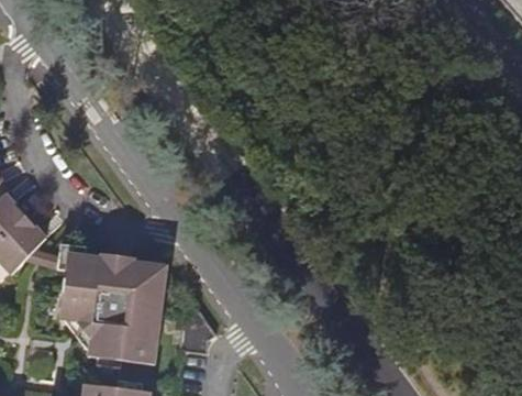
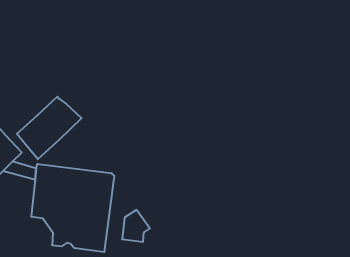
building: none -> [17,97,82,159]

